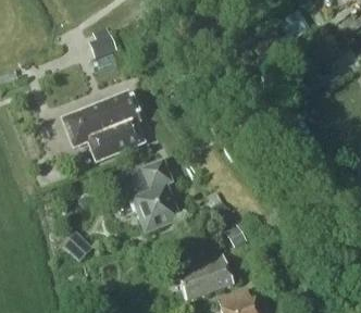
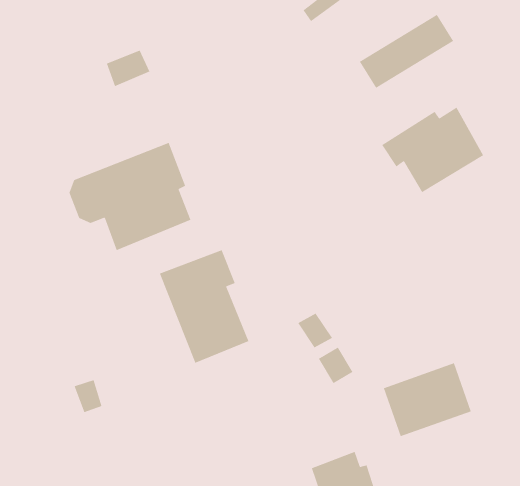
building: none -> [381,107,484,193]
building: [176,252,233,300] -> [383,362,472,437]

